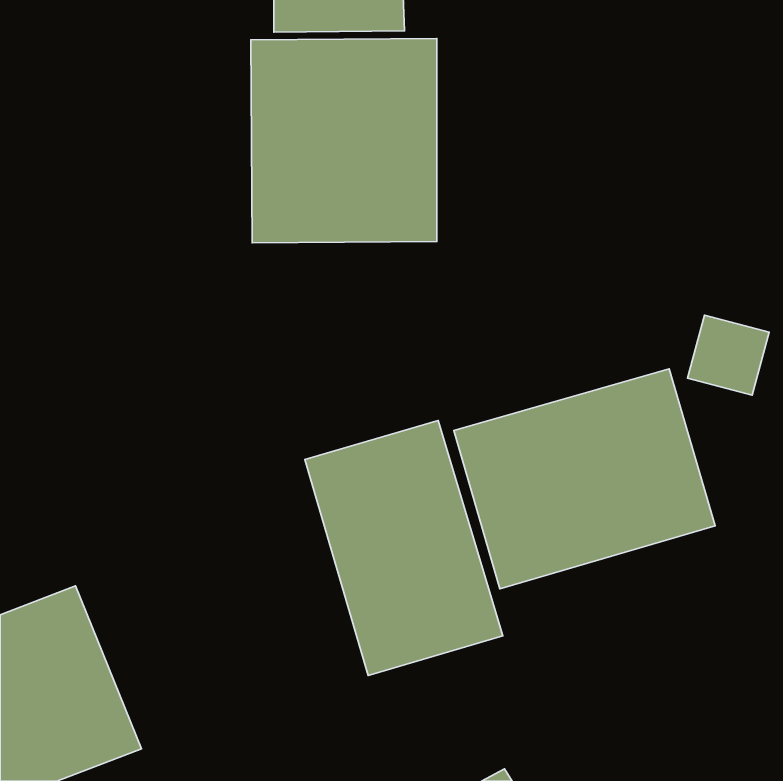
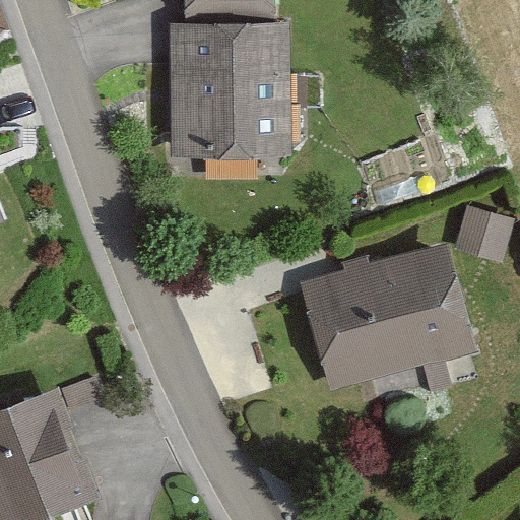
building: [305,421,503,676] -> none

